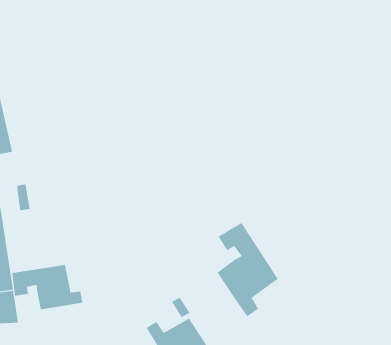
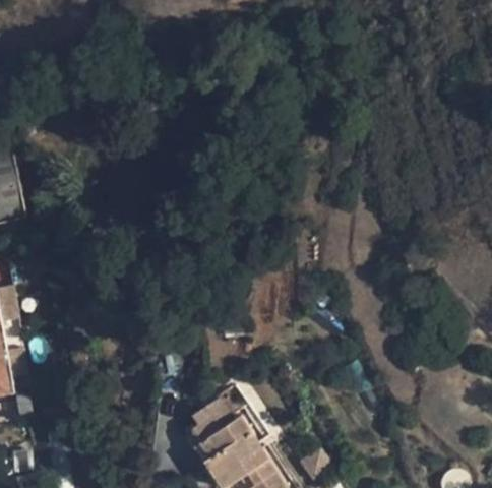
building: [217,222,279,317] -> none
building: [12,264,83,310] -> none

